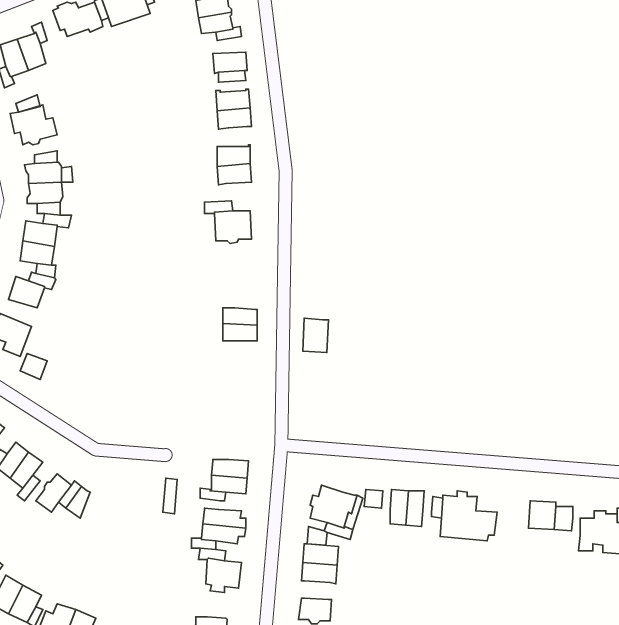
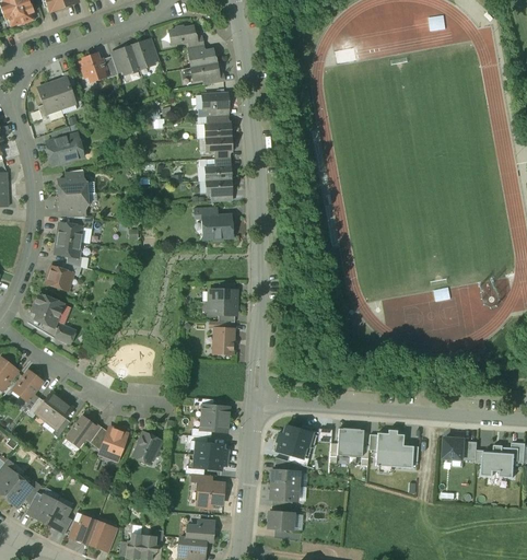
building: [303,318,328,353] -> [213,328,233,354]
building: none -> [98,428,127,458]
building: none -> [132,434,161,464]

